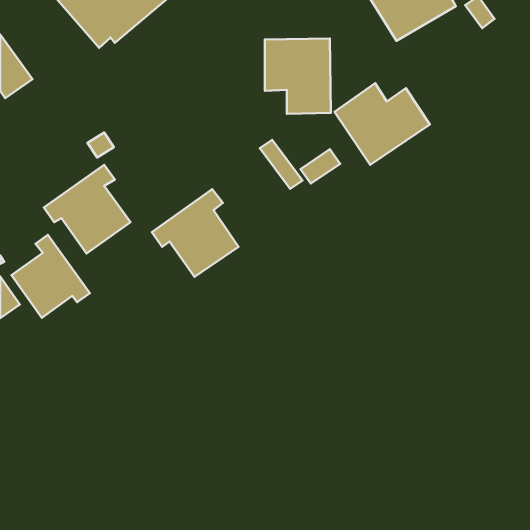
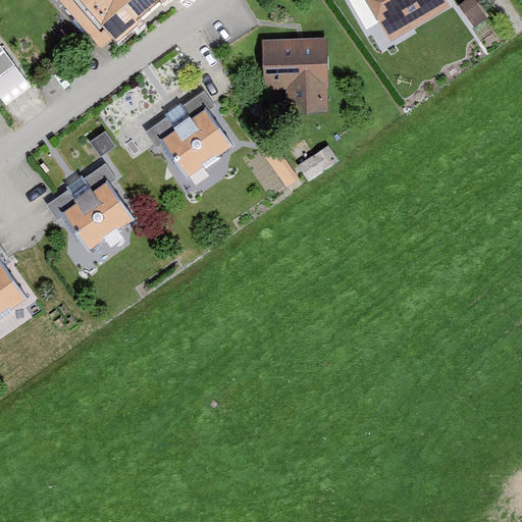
building: [334,83,430,165] -> none
building: [152,189,238,277] -> [145,89,229,174]
building: [11,235,90,318] -> none

